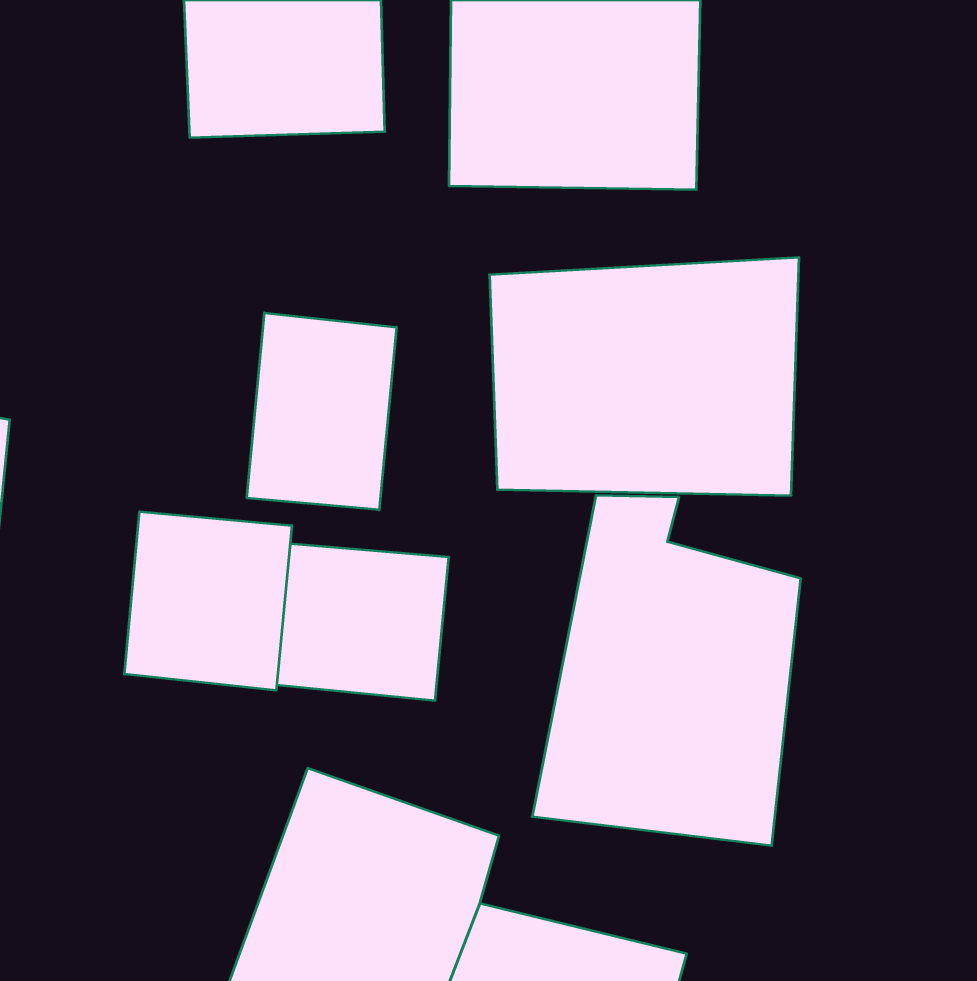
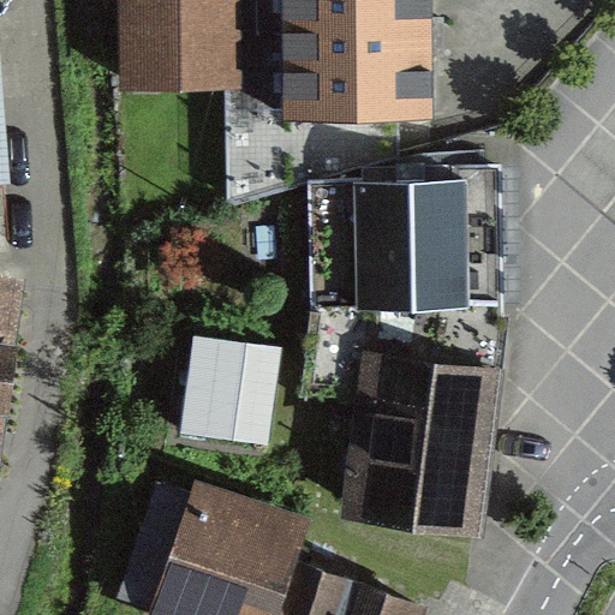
building: [247,313,396,510] -> none
building: [124,512,292,690] -> none

